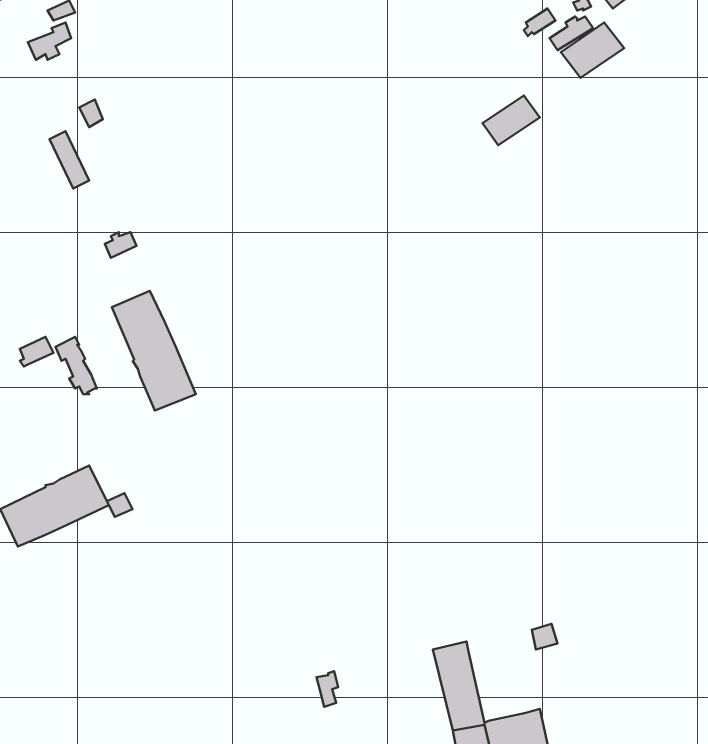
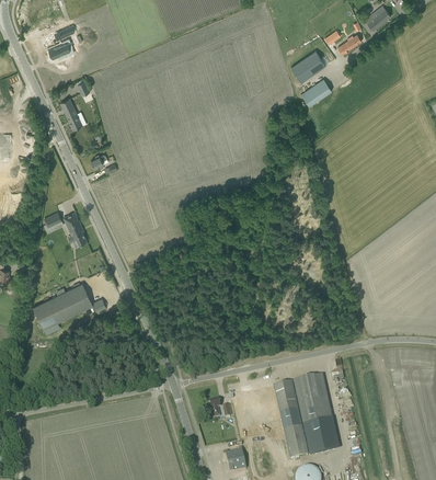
building: [561,22,624,78] -> [290,52,325,82]
building: [112,291,196,410] -> none
building: none -> [294,375,324,425]

